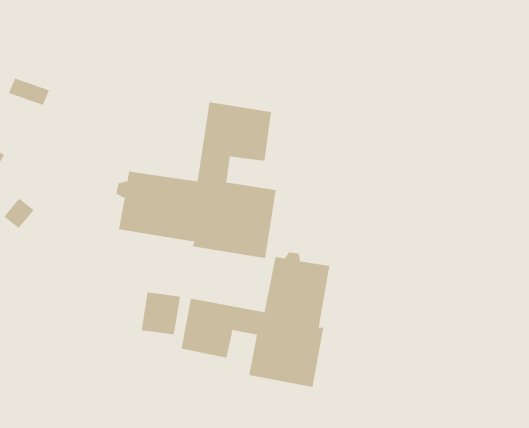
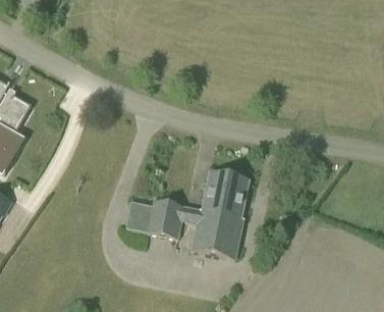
building: [116,102,276,259] -> none

